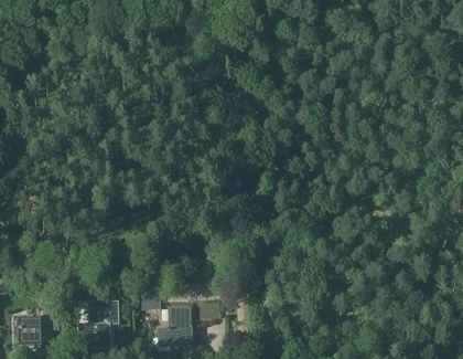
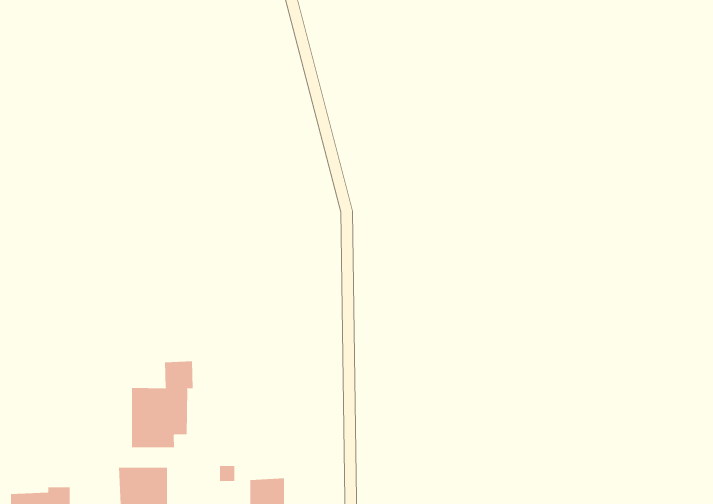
building: none -> [132,361,193,448]

